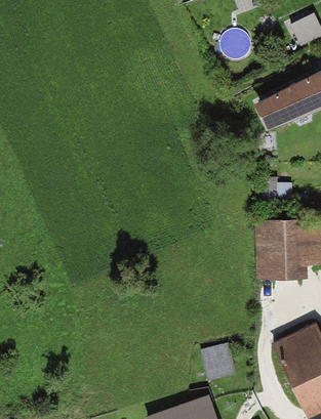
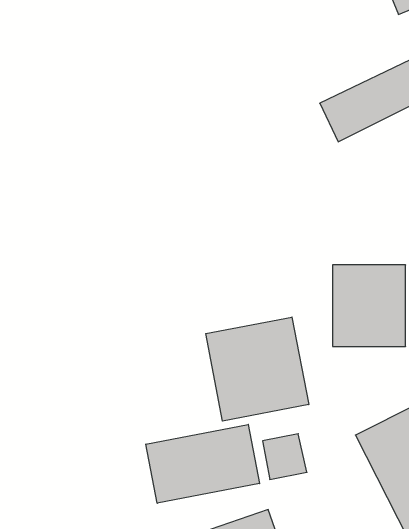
building: none -> [206,317,309,421]
building: none -> [146,424,260,503]

